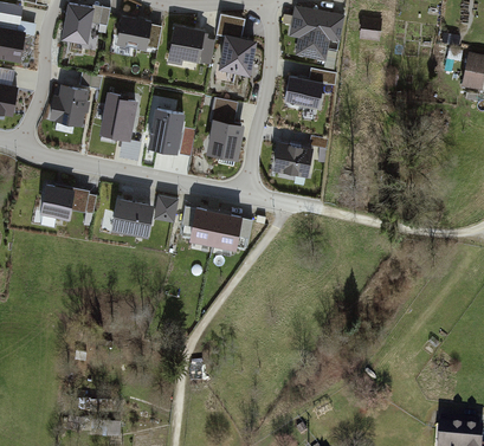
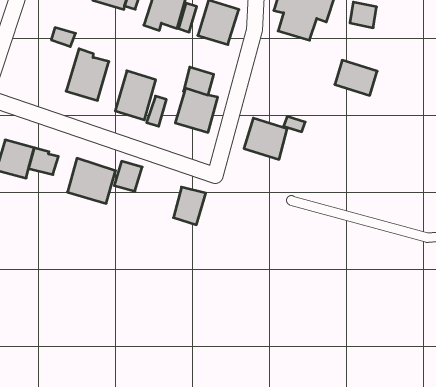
building: [285,75,324,105] -> [335,60,377,95]
building: [50,84,90,125] -> none
building: [192,207,218,241] -> none

